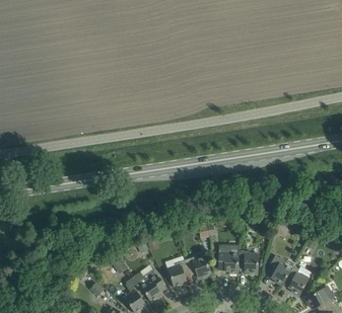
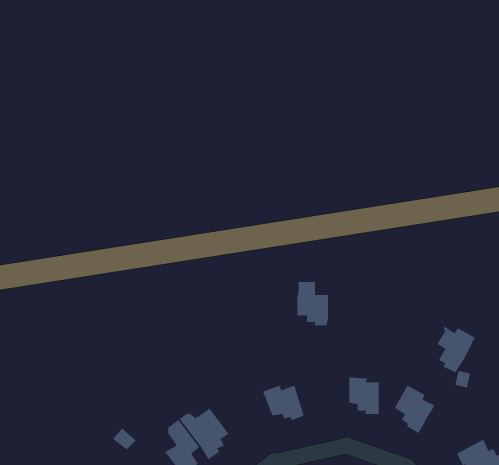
building: [218,245,238,272] -> [296,282,329,326]
building: [167,259,191,287] -> none
building: [287,265,312,295] -> [436,326,476,373]

